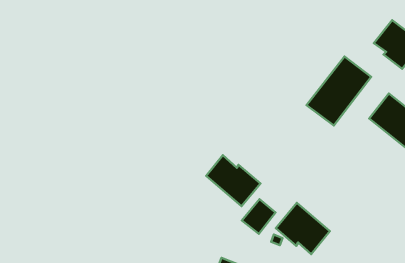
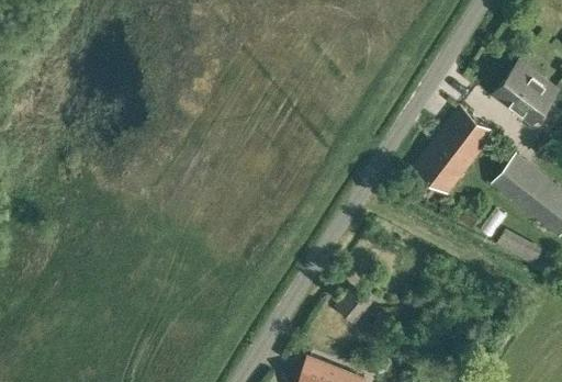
building: [206,155,260,206] -> none
building: [276,203,330,254] -> none

